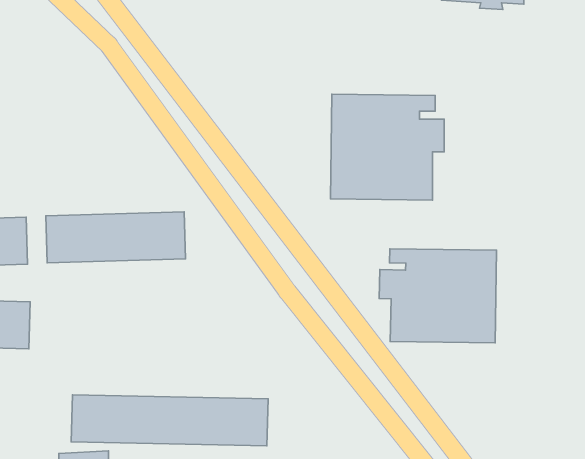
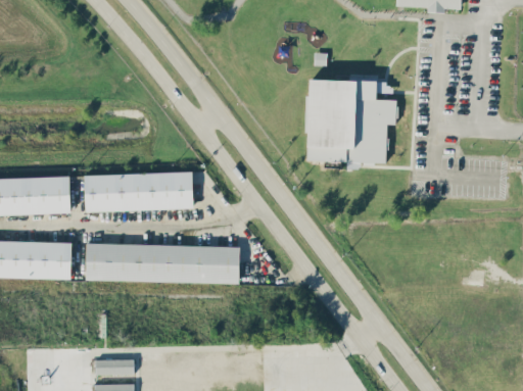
building: [379,249,496,343] -> none
building: [71,395,268,446] -> [85,243,239,283]

